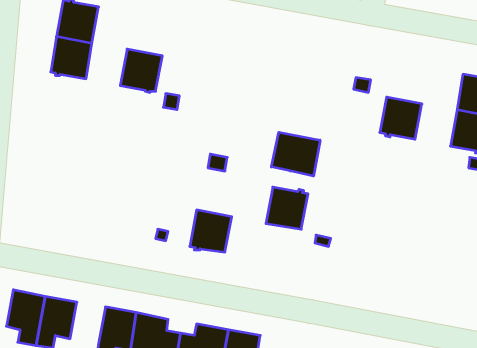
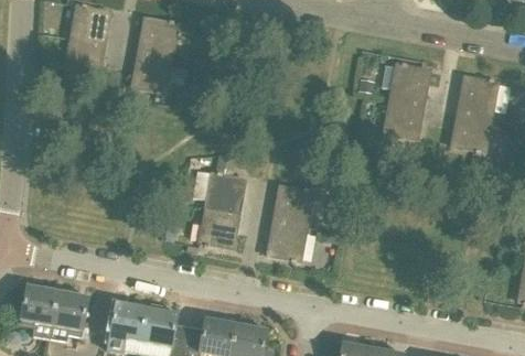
building: none -> [138,17,179,57]
building: none -> [389,62,430,104]
building: [271,132,320,176] -> none
building: none -> [205,171,245,213]
building: none -> [267,219,307,261]

